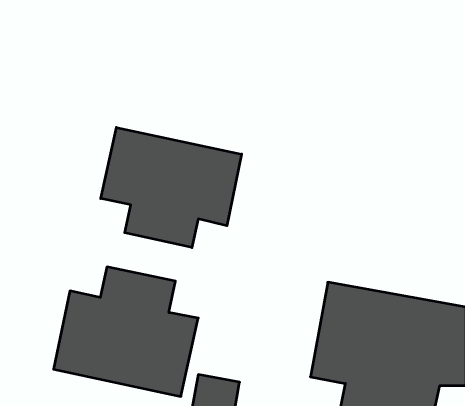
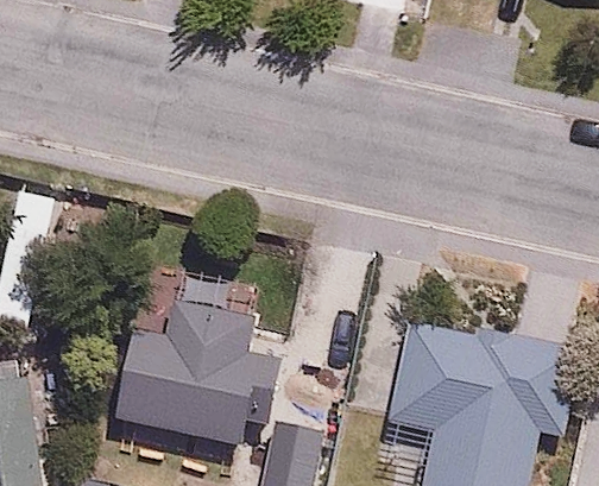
building: [101,127,242,248] -> none

